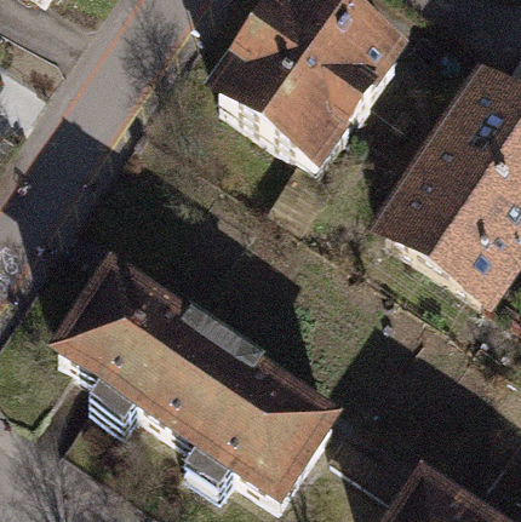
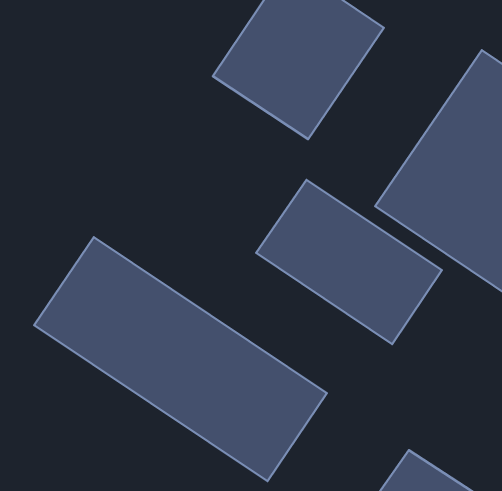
building: none -> [256,180,442,344]

